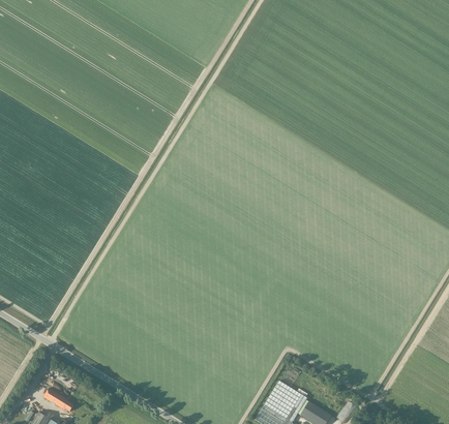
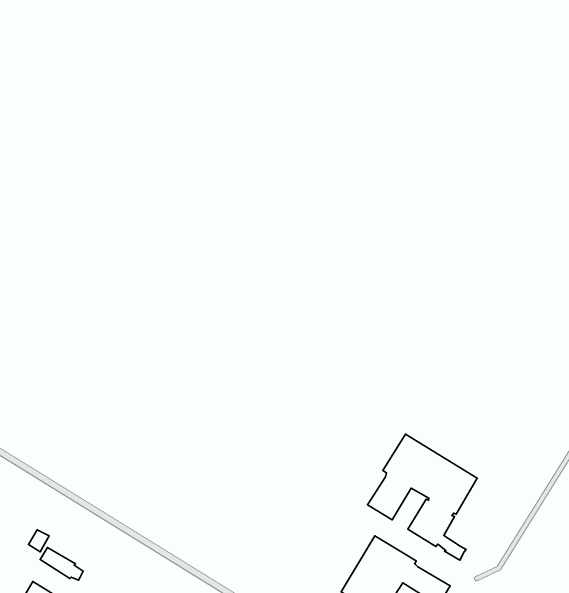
building: none -> [368,434,477,560]

